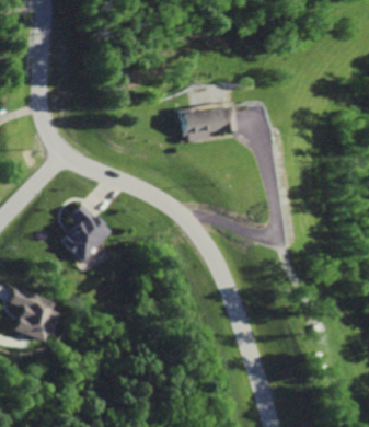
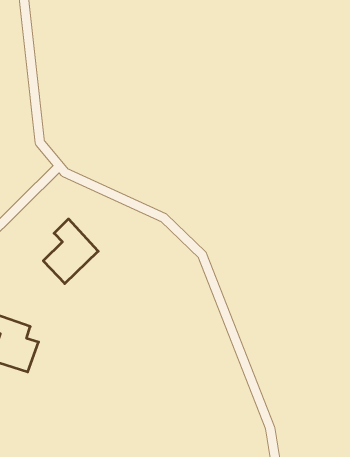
building: [176,104,233,139] -> none

